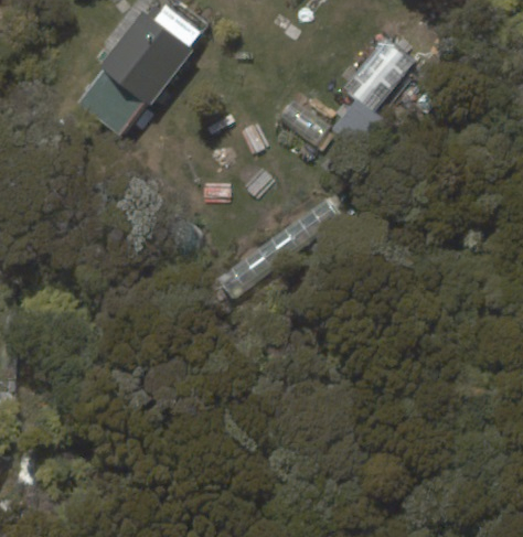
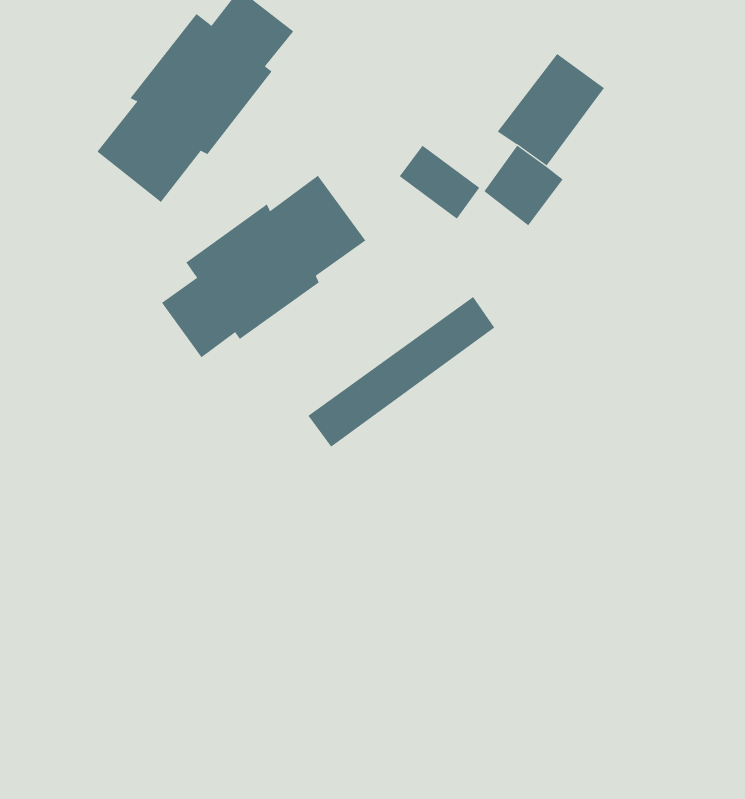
building: none -> [161,175,366,358]

